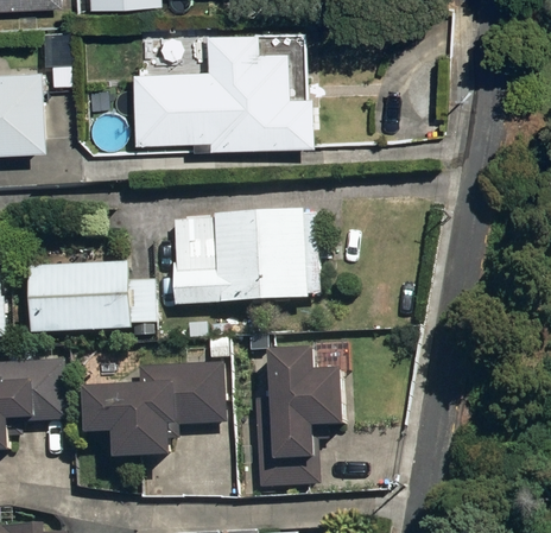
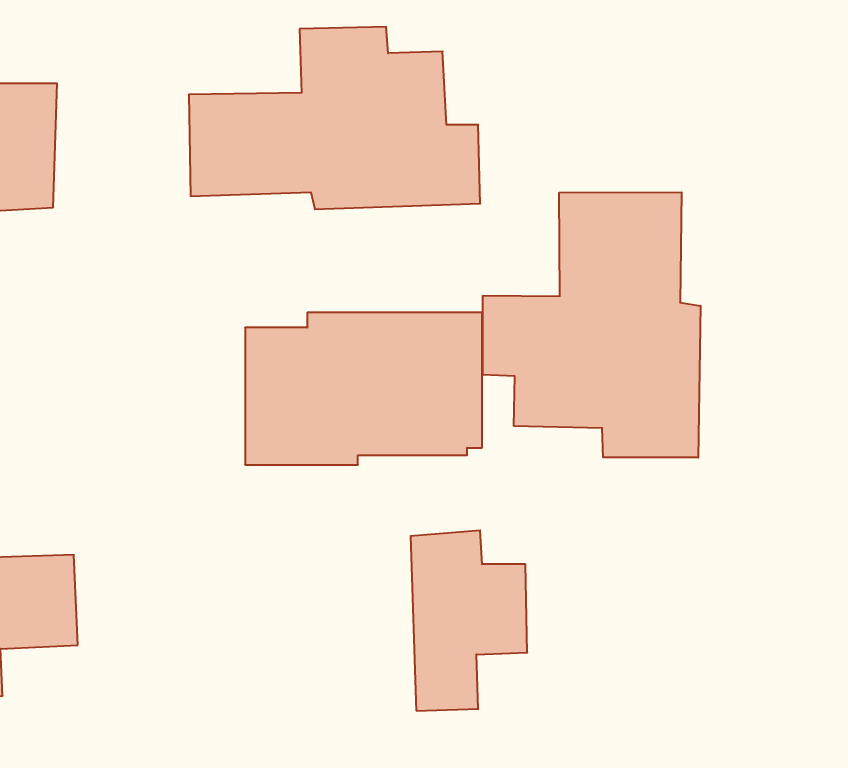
building: none -> [483,192,701,458]
building: [28,261,153,331] -> none
building: [83,366,220,457] -> none

